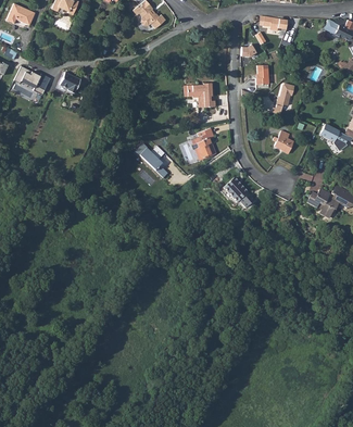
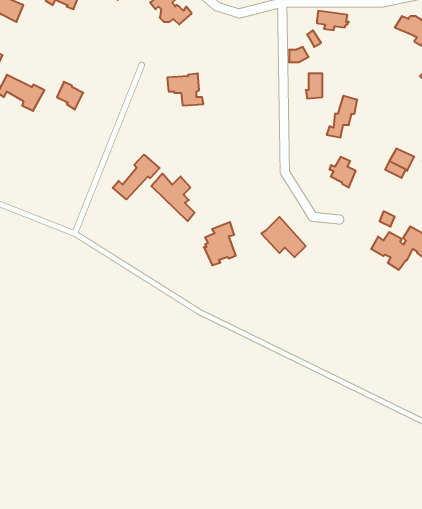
building: [187,83,215,108] -> [167,73,203,105]
building: [190,128,215,162] -> [204,222,236,265]
building: none -> [113,155,160,199]

